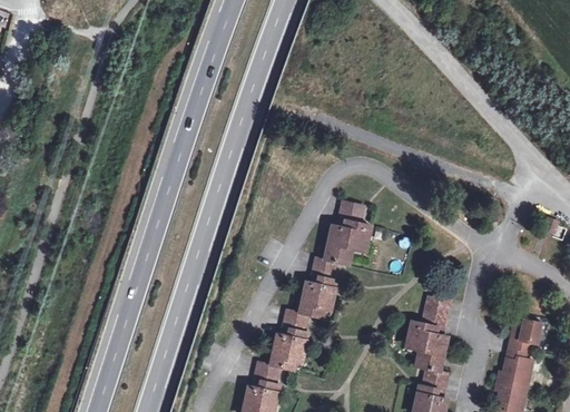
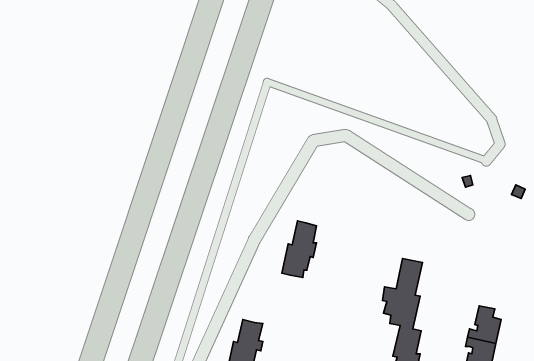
building: [325,202,368,265] -> none
building: [271,310,308,370] -> none
building: [509,317,540,352] -> none

